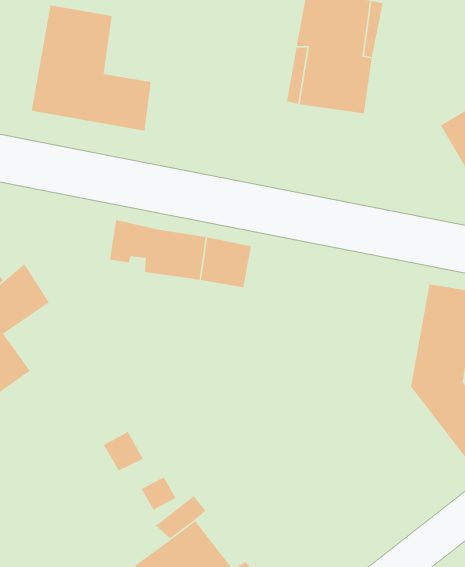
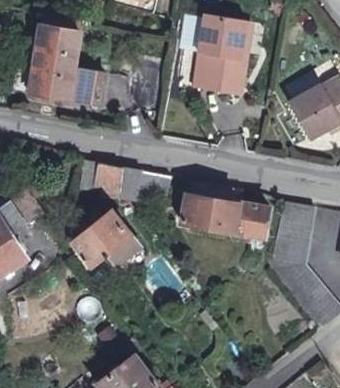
building: none -> [178,182,271,240]
building: none -> [72,211,140,267]

